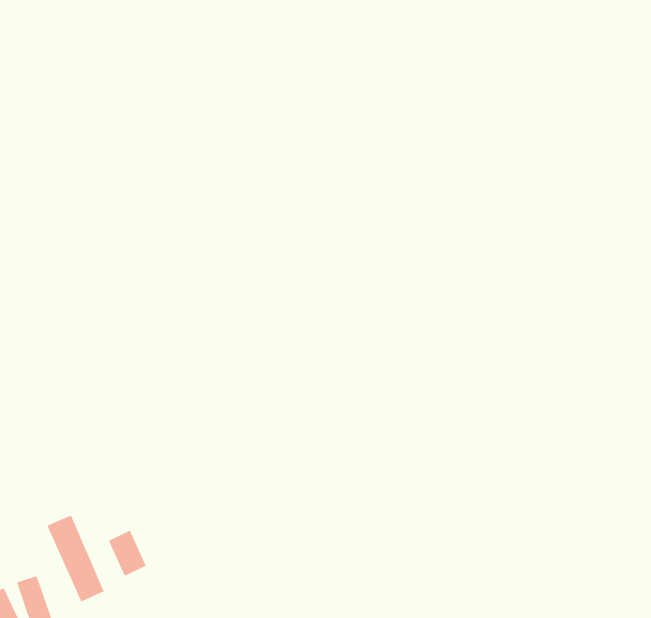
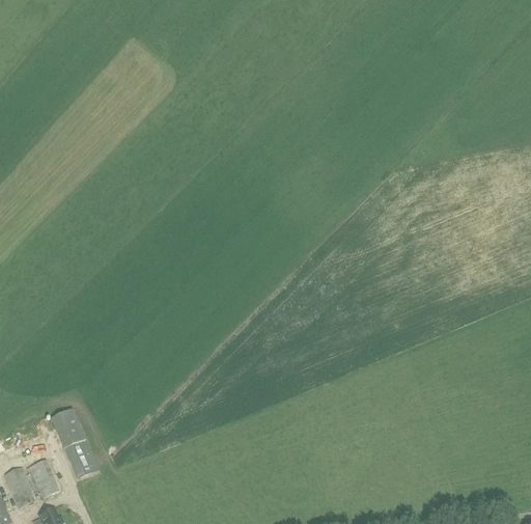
building: [108,530,146,577] -> none

